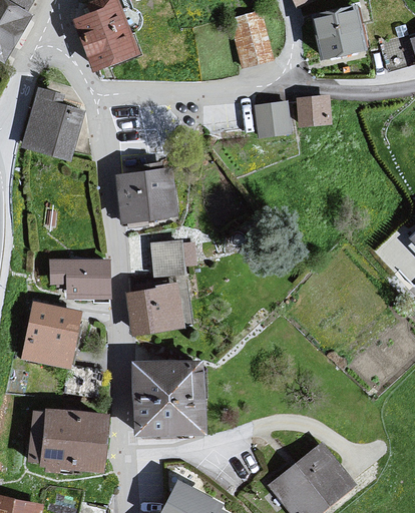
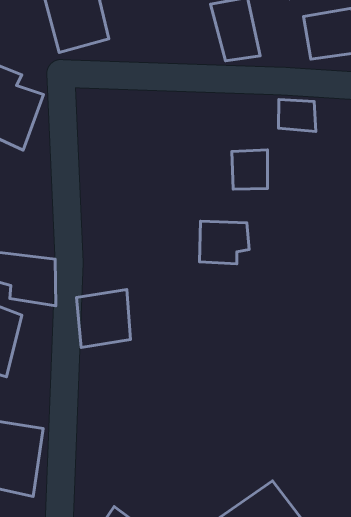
building: [255,101,290,139] -> [232,150,267,189]
building: [114,170,177,224] -> none
building: [149,240,195,280] -> [199,221,249,264]
building: [129,360,204,436] -> none

